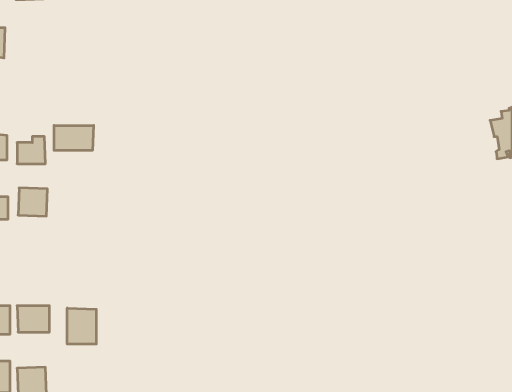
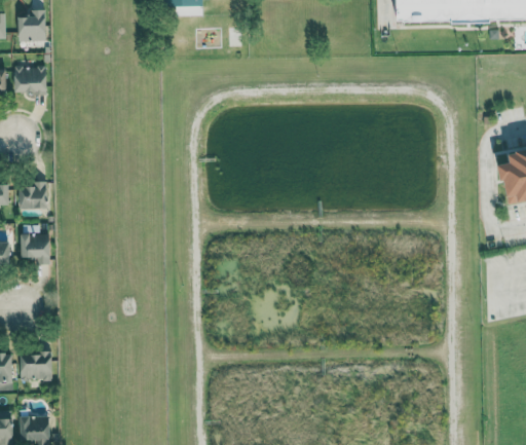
building: none -> [13,66,46,94]
building: [54,125,94,150] -> none
building: [67,308,96,344] -> none

